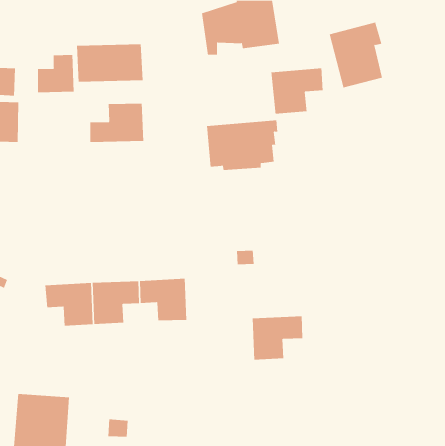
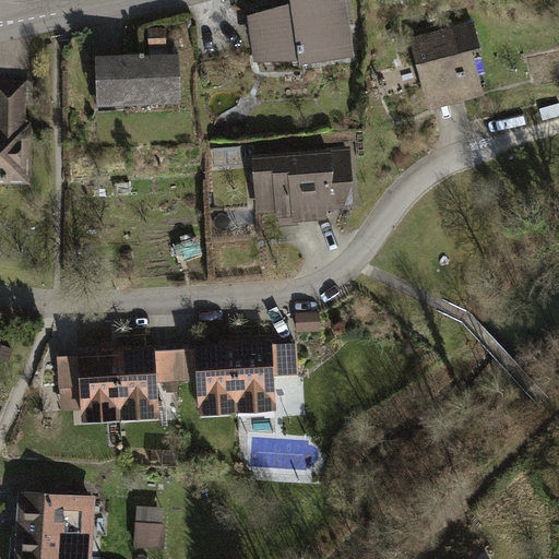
building: [37,54,74,93] -> none
building: [271,67,323,115] -> none
building: [90,103,144,143] -> none
building: [252,316,303,360] -> [231,345,296,401]

